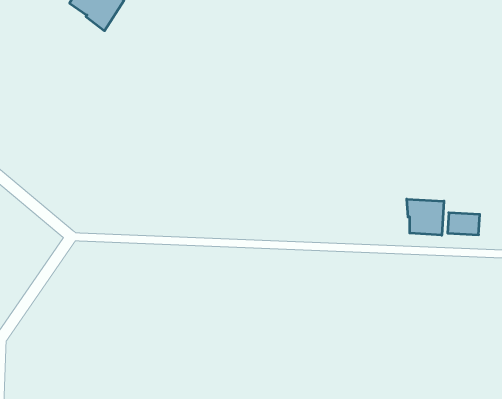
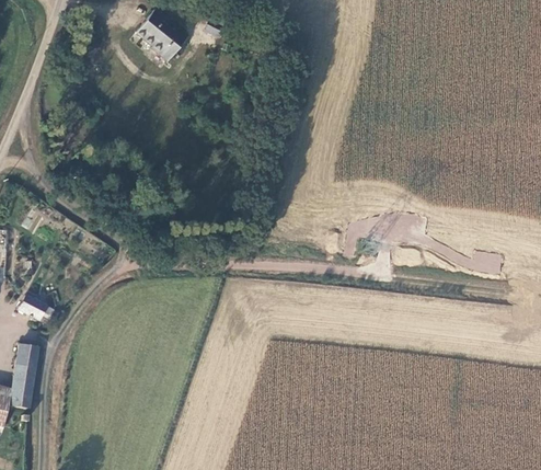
building: [407,199,444,235] -> none

